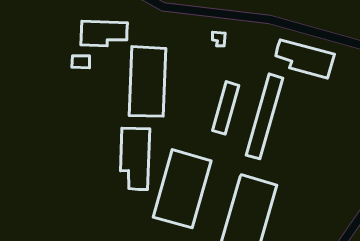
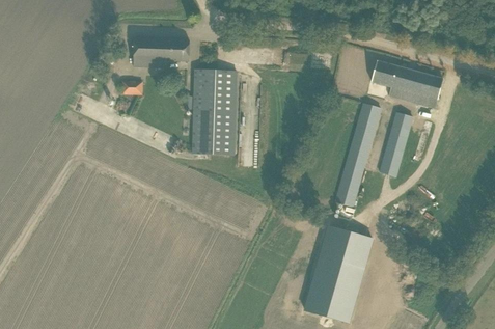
building: [212,81,239,134] -> [380,112,412,176]
building: [120,128,150,190] -> none
building: [153,149,211,228] -> none

